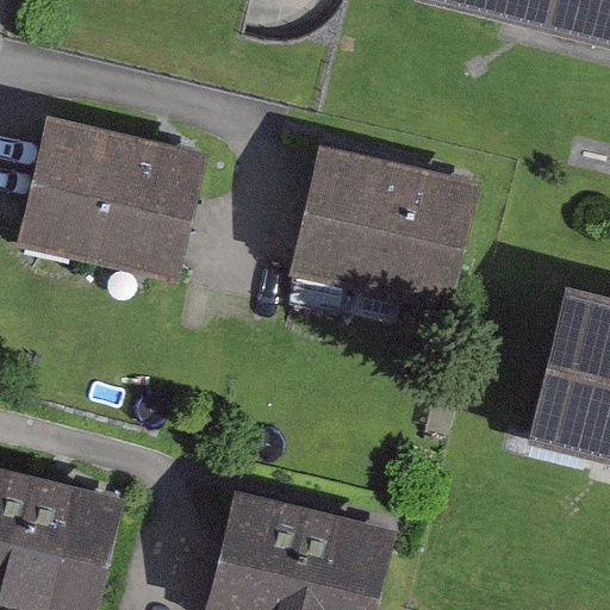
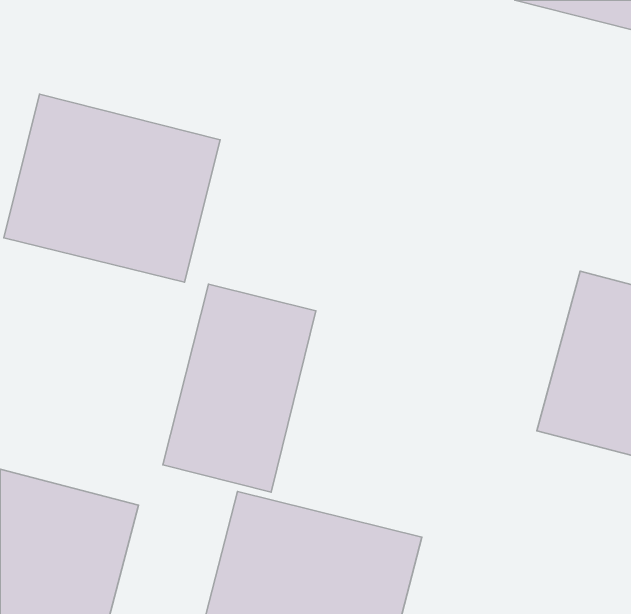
building: [288,148,474,313] -> none
building: none -> [163,284,316,492]

